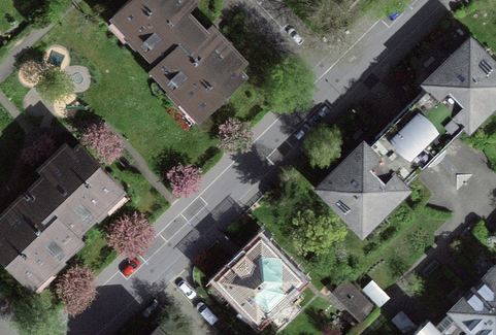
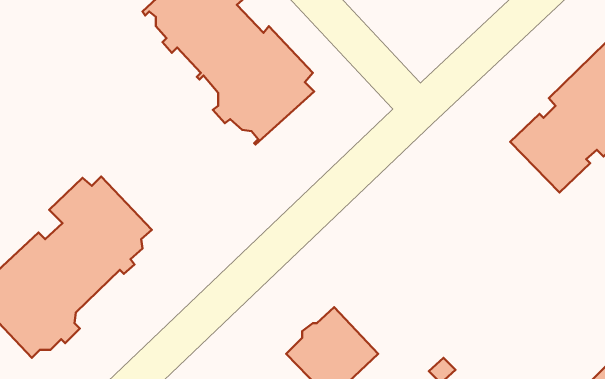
building: [319,119,435,234] -> none

